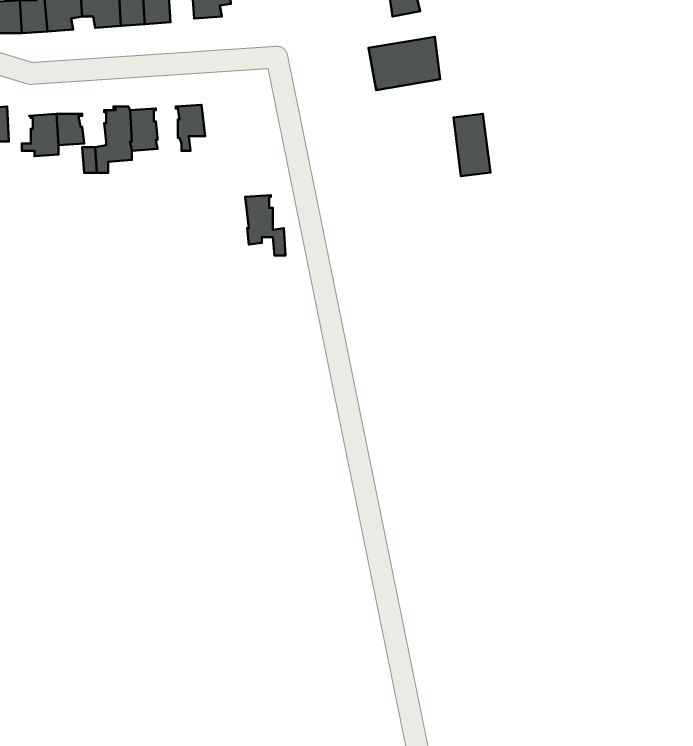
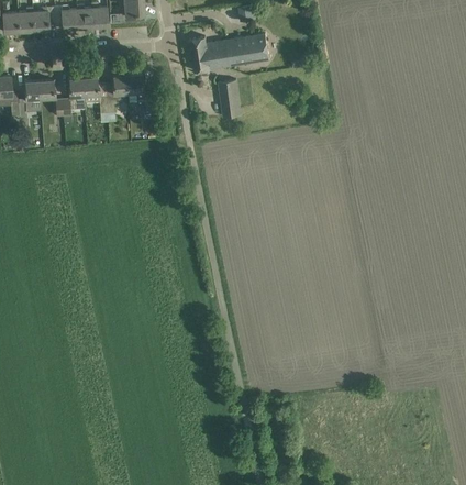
building: none -> [190,36,232,71]
building: [454,114,490,176] -> [220,80,242,118]
building: [245,195,286,256] -> [127,74,152,110]

